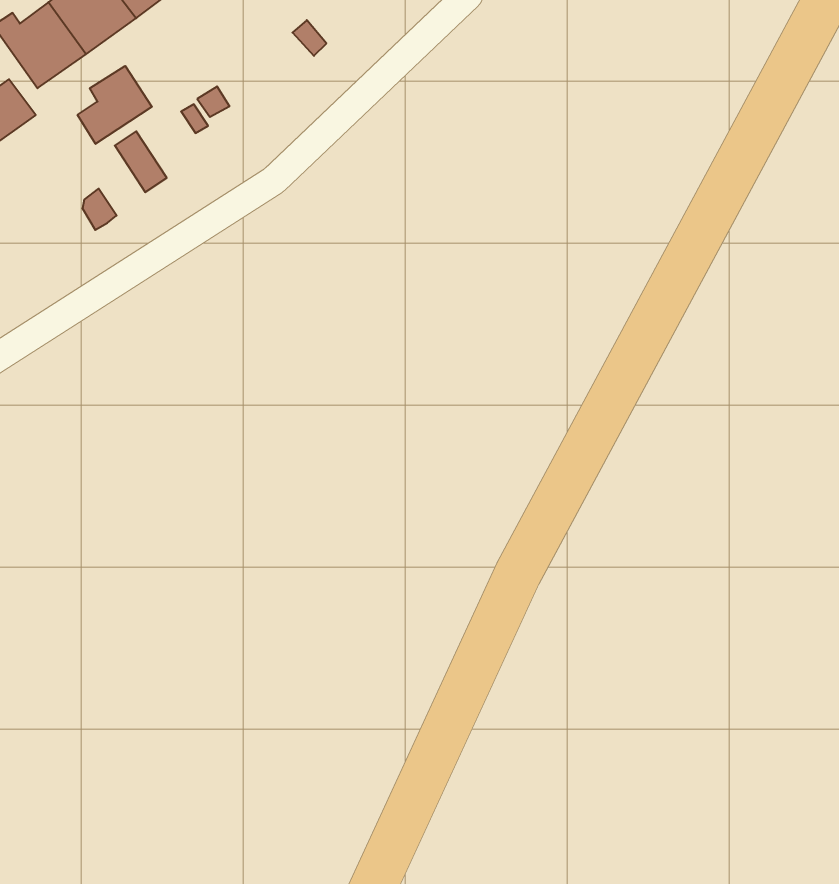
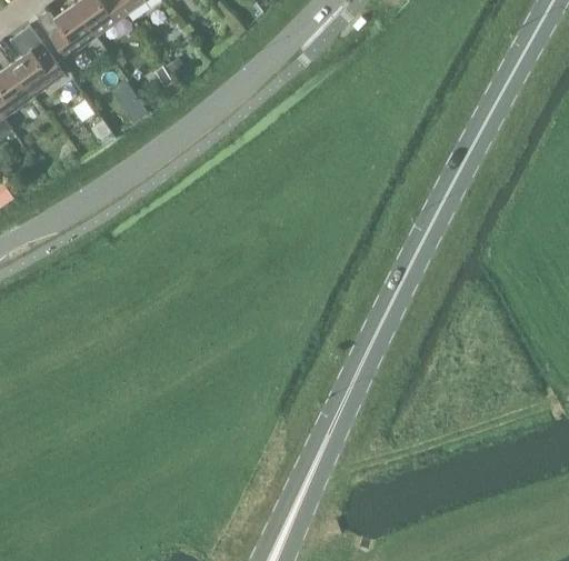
building: [78,66,152,144] -> none

